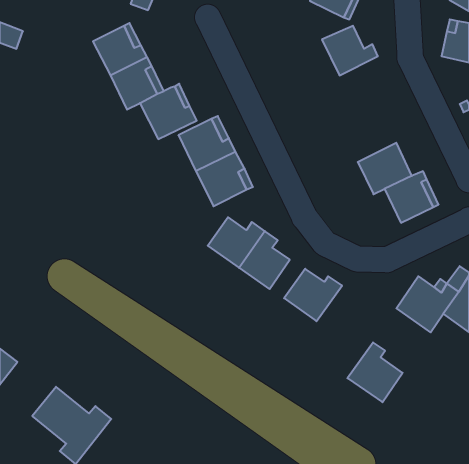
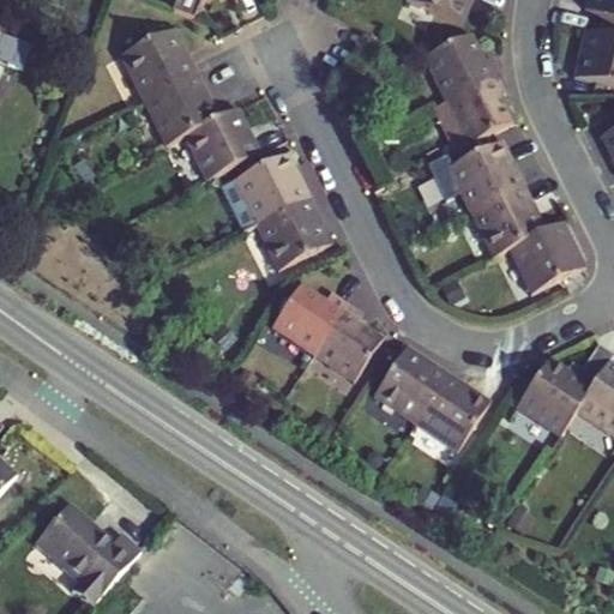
building: none -> [443,73,502,142]
building: none -> [444,140,517,217]
building: [347,342,403,402] -> [413,372,484,450]

